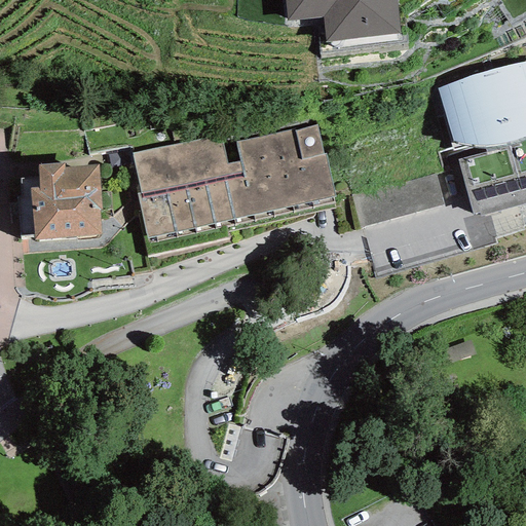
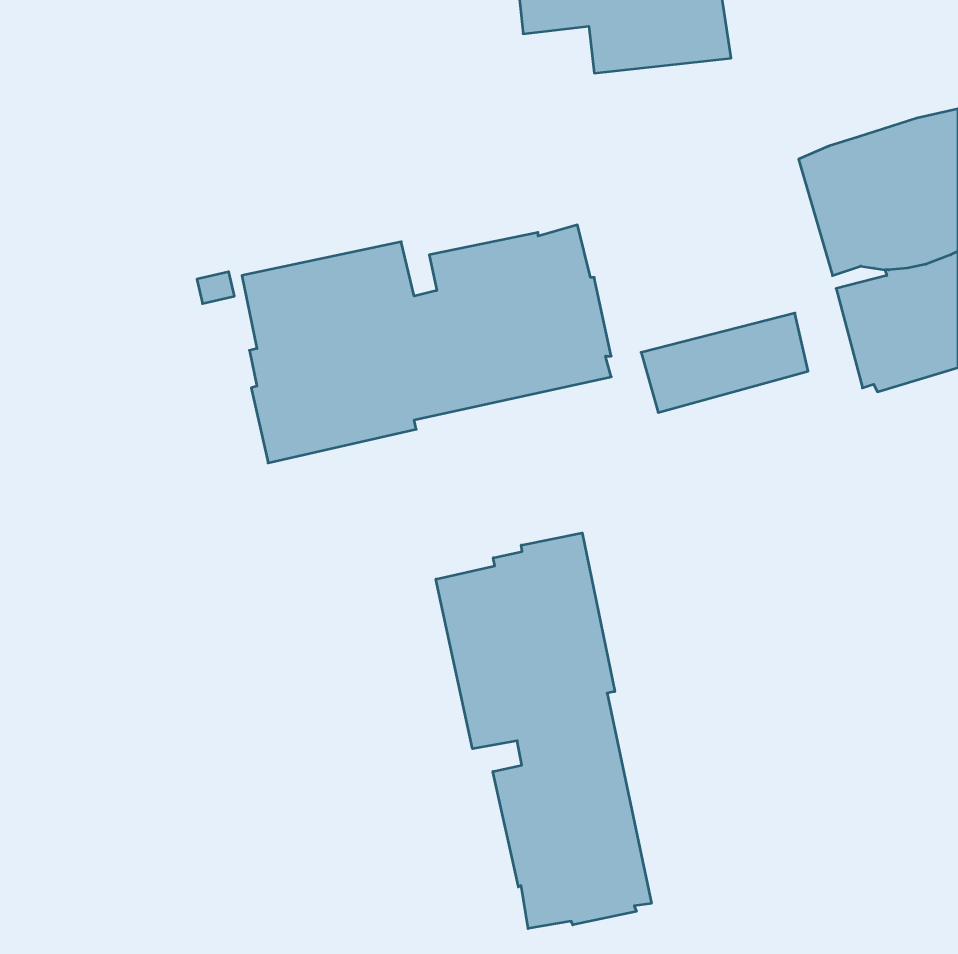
building: [30,161,102,238] -> none
building: none -> [436,533,651,929]

